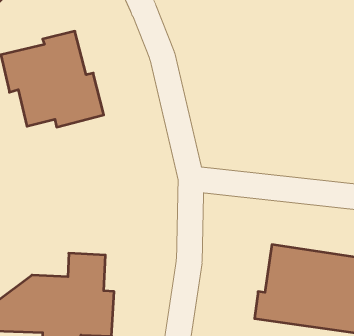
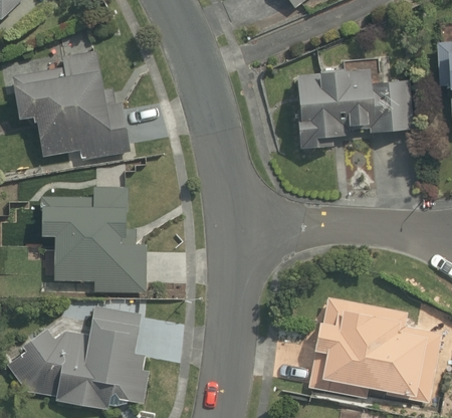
building: none -> [298,66,415,152]
building: none -> [37,186,144,292]

